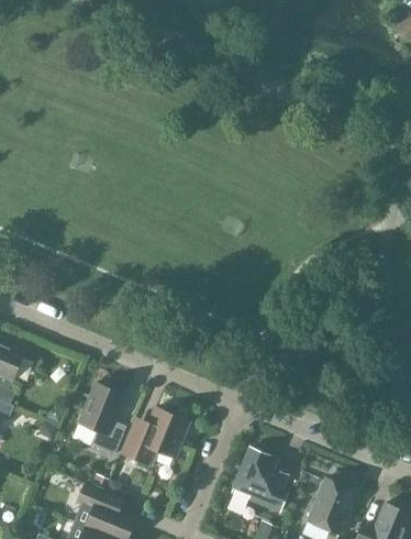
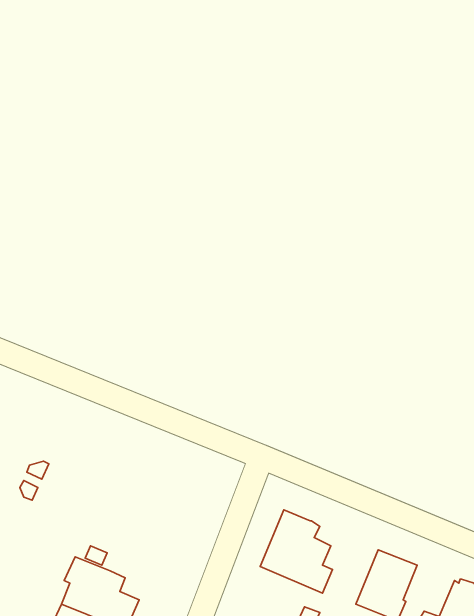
building: [78,383,125,454] -> none
building: [120,408,189,468] -> none

